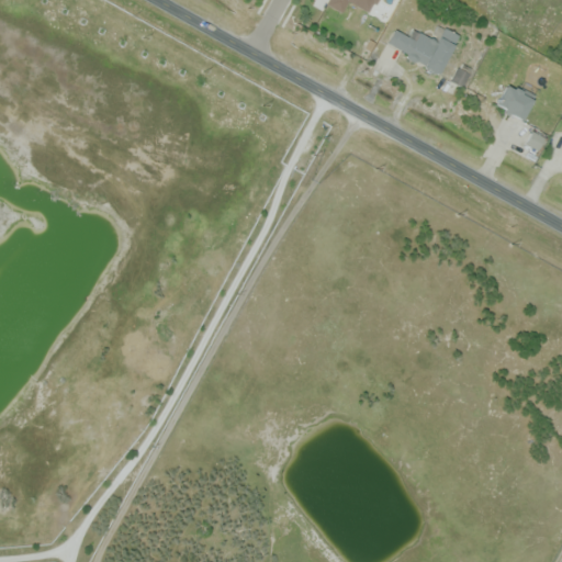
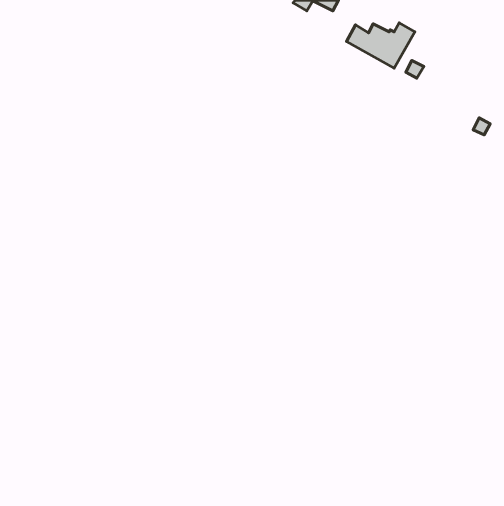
building: [497,83,536,120] -> none

